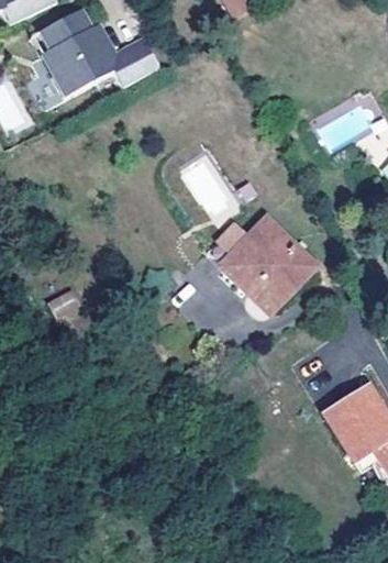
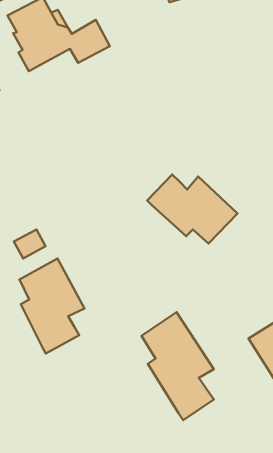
building: none -> [19,258,84,354]
building: none -> [142,312,214,420]

